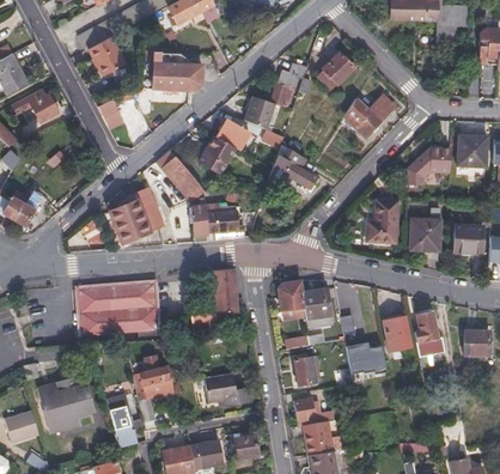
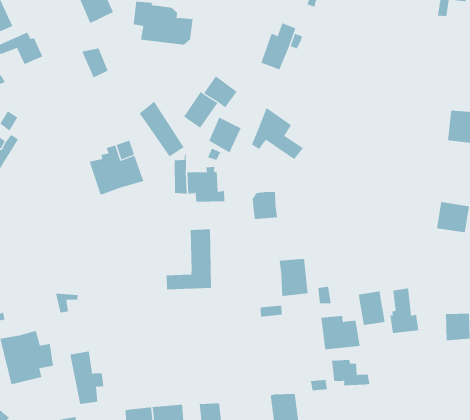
building: [313,49,350,87] -> none
building: [341,93,395,136] -> none
building: [243,95,274,129] -> [209,117,241,153]
building: [404,146,450,184] -> none
building: [366,201,396,243] -> none
building: [409,203,440,247] -> none
building: [71,281,158,335] -> none
building: [278,281,304,310] -> [252,192,278,220]
building: [130,352,176,418] -> none
building: [293,356,319,384] -> none
building: [202,370,246,403] -> none
building: [292,397,331,424] -> [331,359,370,386]

